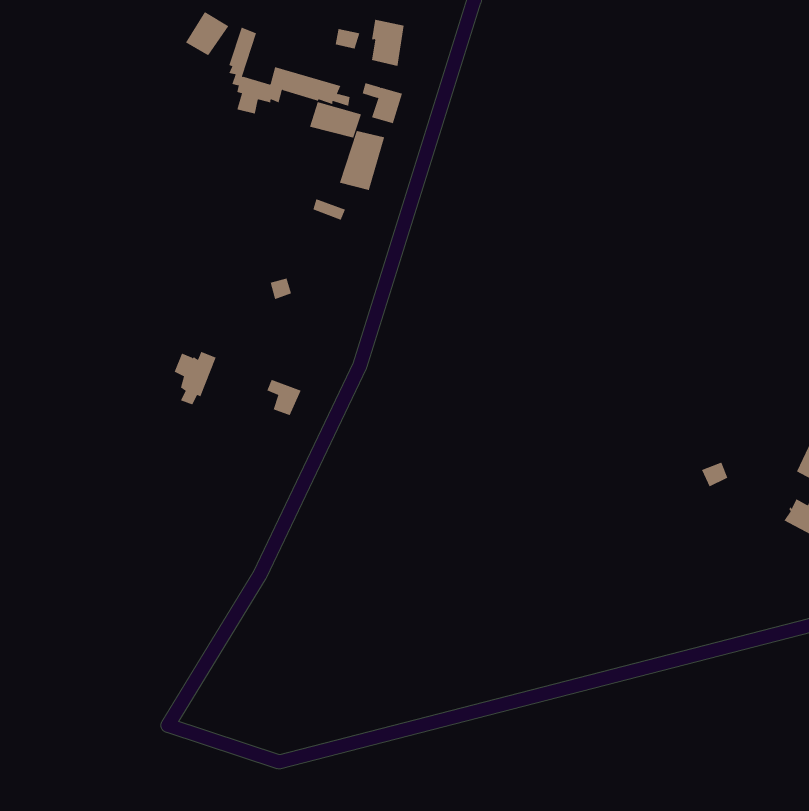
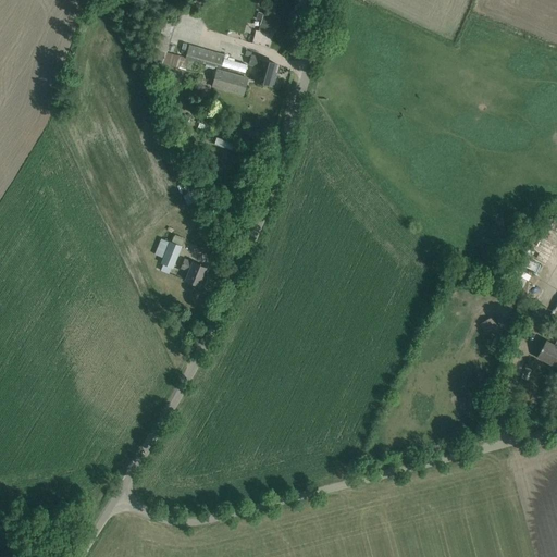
building: [185,11,229,56] -> none
building: [339,130,385,191] -> none
building: [174,351,217,405] -> [157,237,186,274]

